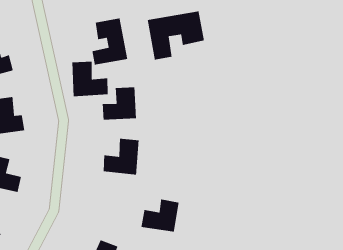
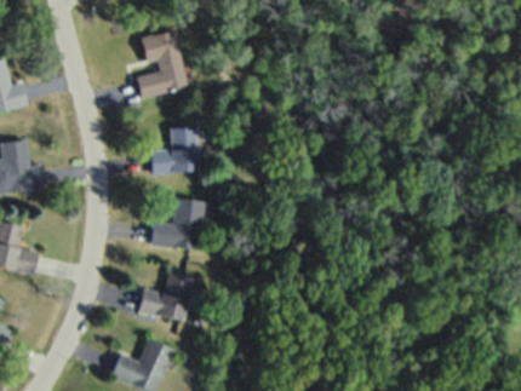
building: [147,10,205,61] -> none
building: [72,61,108,97] -> none
building: [140,199,180,233] -> [138,272,193,320]

